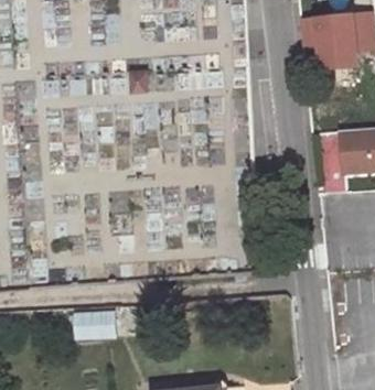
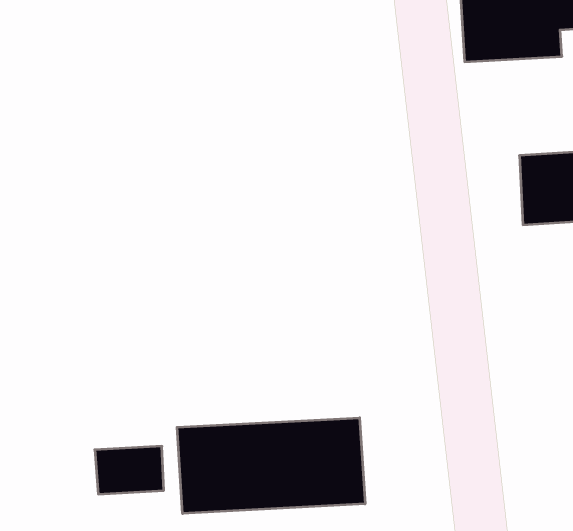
building: none -> [177,418,365,514]

